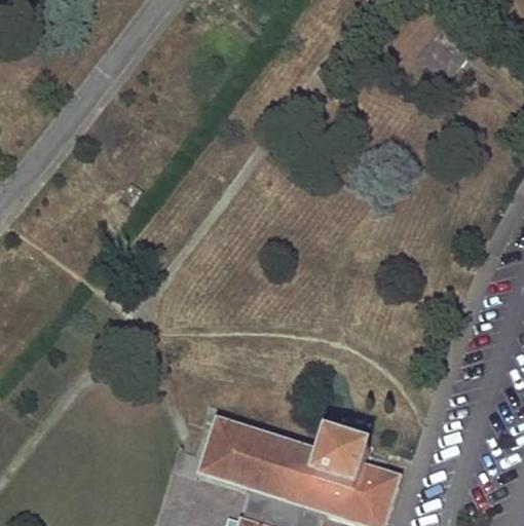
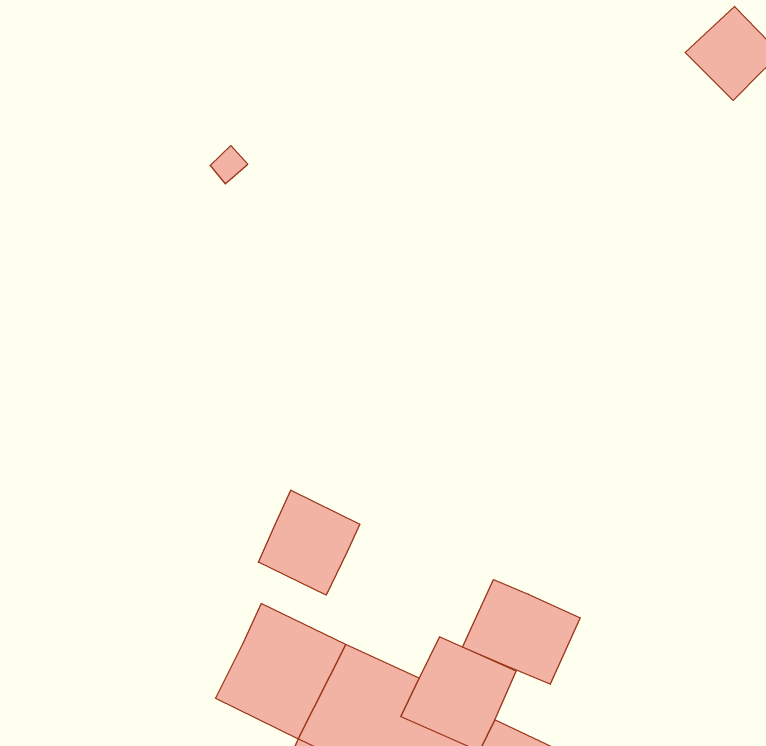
building: none -> [258,490,360,595]
building: none -> [463,580,580,684]

